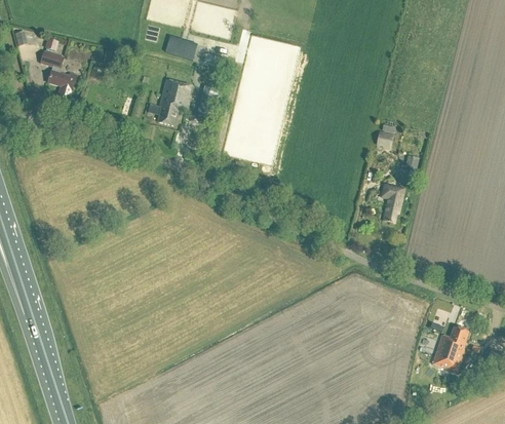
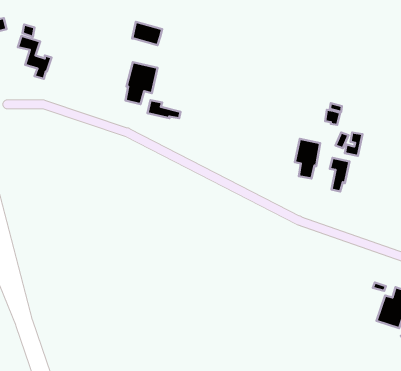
building: none -> [147,100,181,118]
building: none -> [295,139,320,179]

